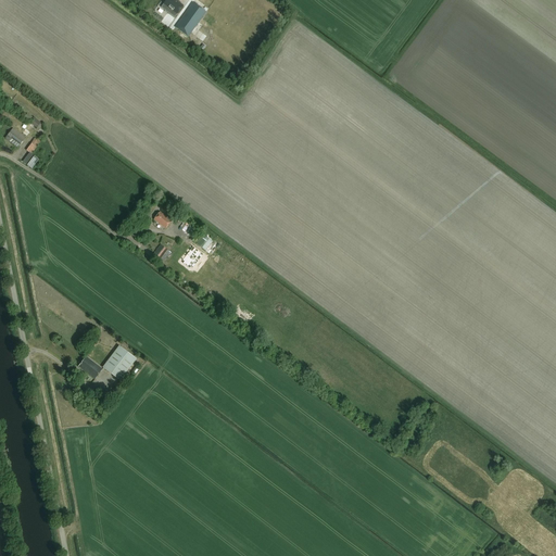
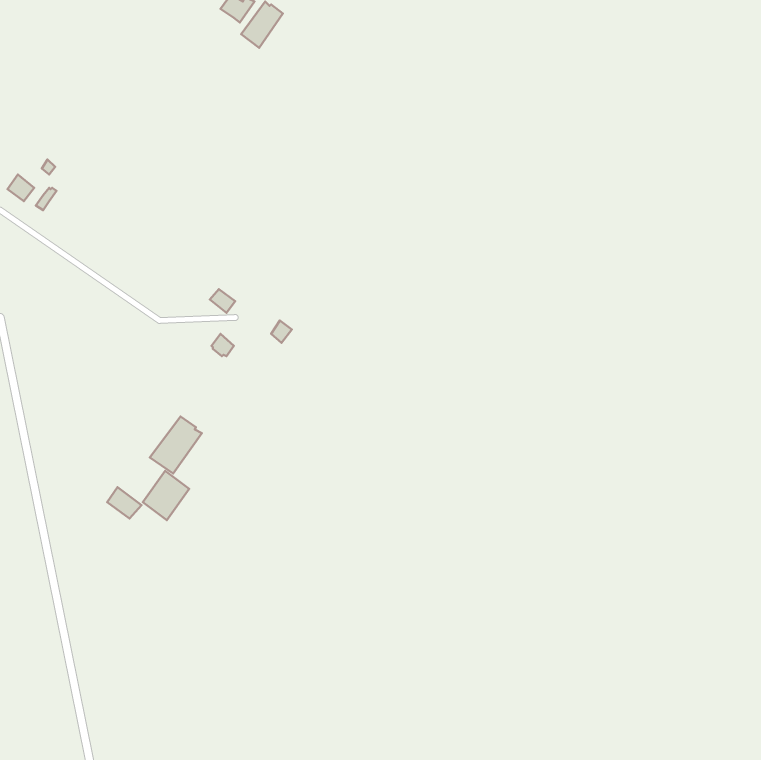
building: none -> [150,416,202,474]

